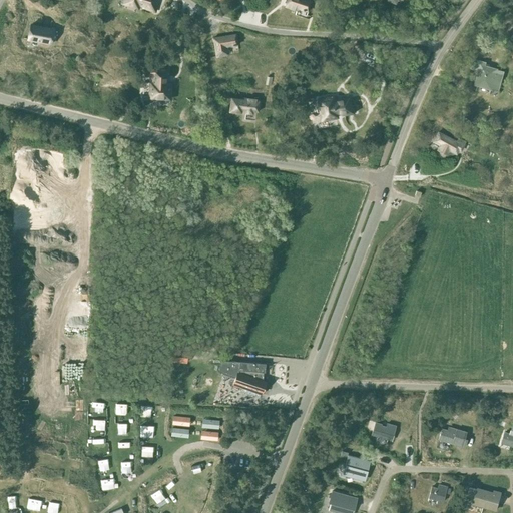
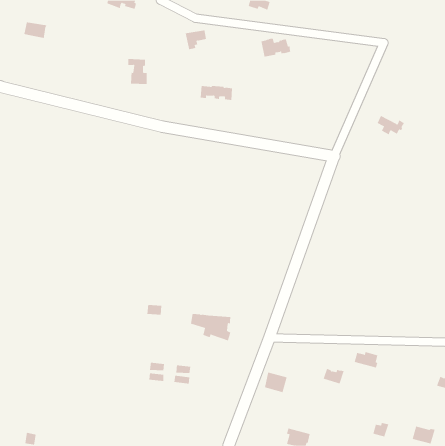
building: [473,60,504,89] -> none
building: [319,97,357,119] -> [260,38,294,57]
building: [439,428,467,447] -> [354,352,378,368]
building: [344,455,371,479] -> [264,372,288,393]

